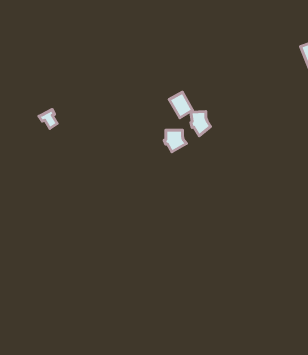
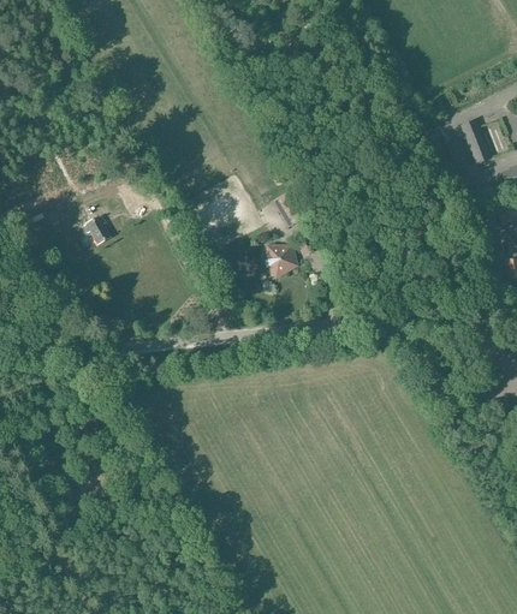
building: [191,112,211,136] -> none

